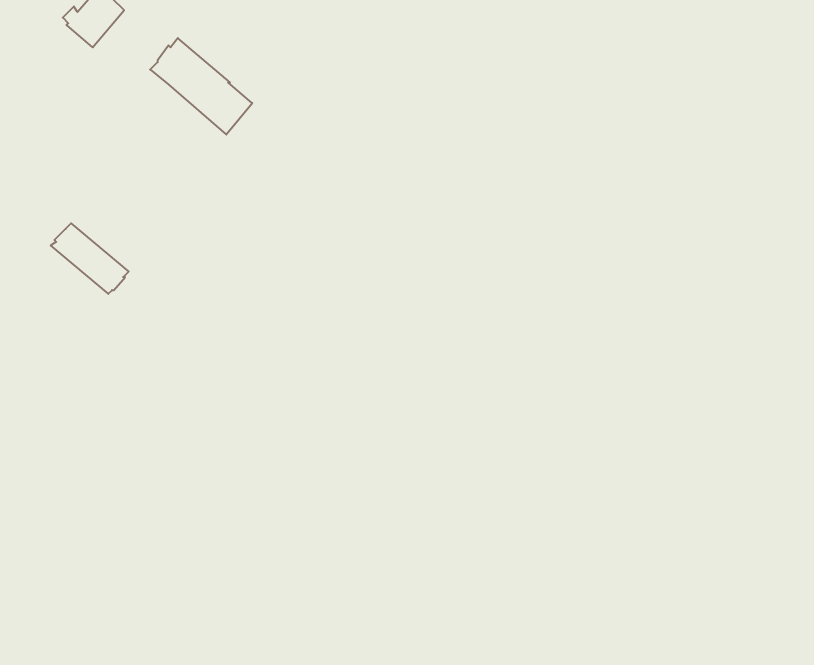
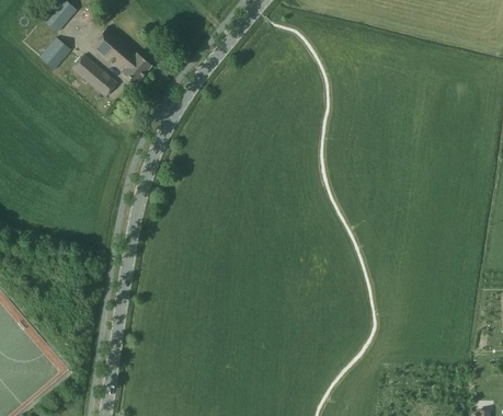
building: none -> [39,37,71,69]
building: [51,223,129,294] -> [71,55,117,96]

